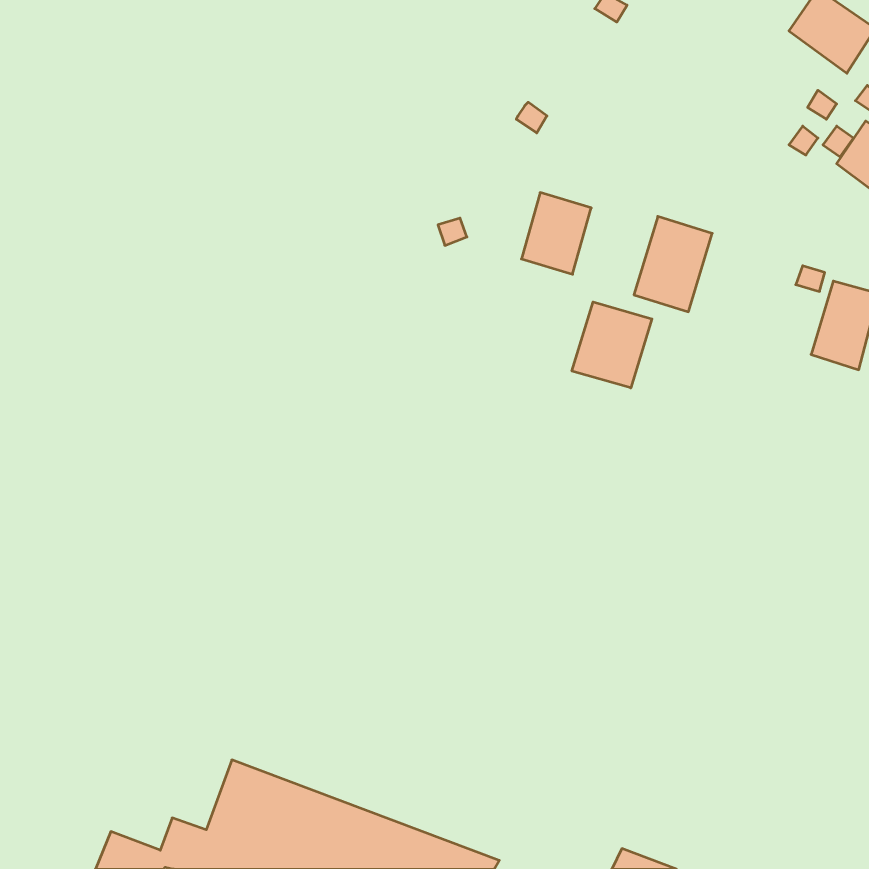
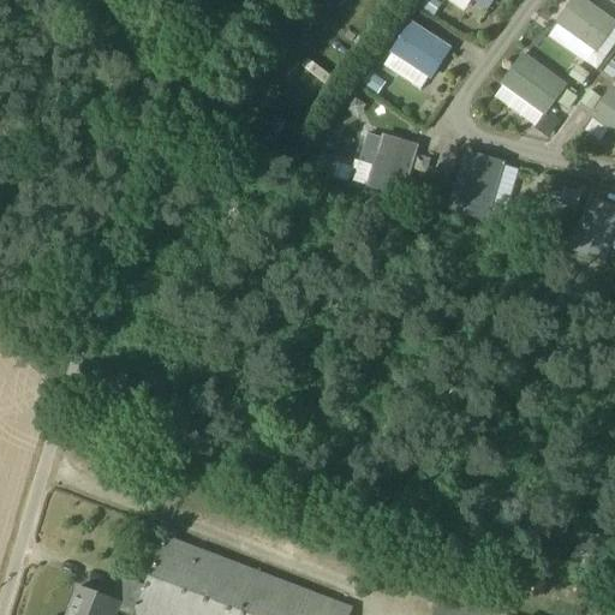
building: none -> [392,20,453,77]
building: none -> [502,53,567,114]
building: [572,302,652,388] -> none

